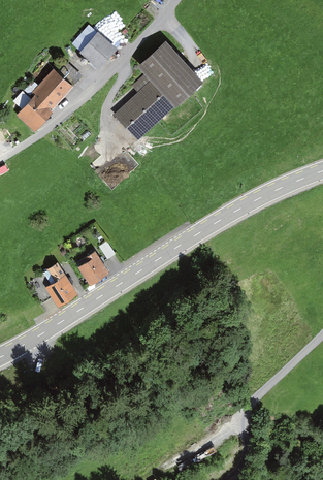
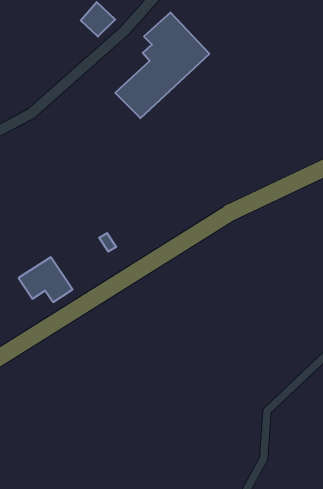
building: [19,61,80,128] -> none
building: [76,251,107,283] -> none

